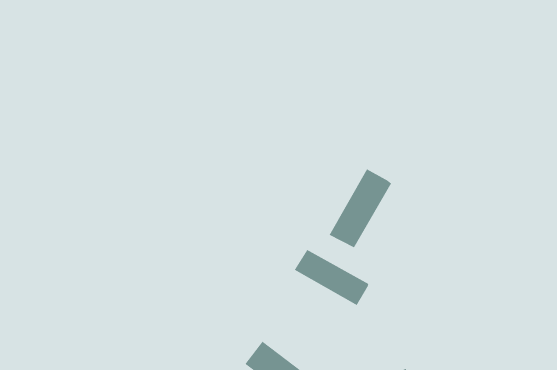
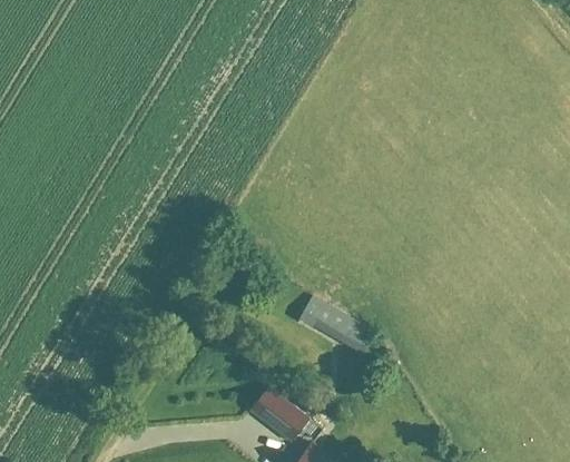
building: [329,169,392,248] -> none

